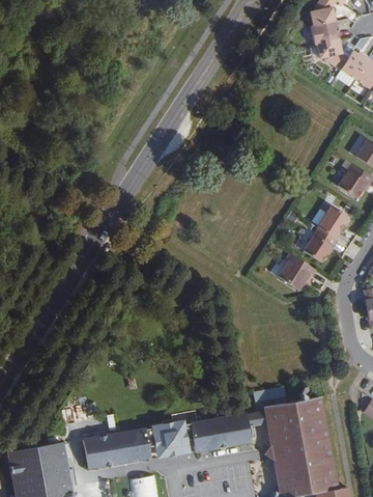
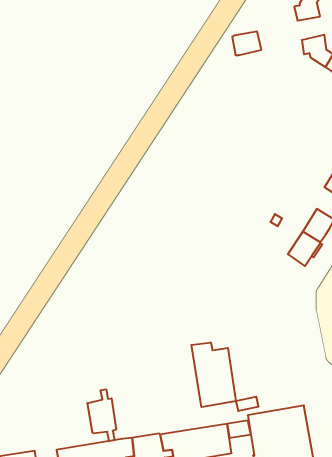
building: [312,23,340,46] -> [232,31,261,55]
building: [280,254,317,292] -> none
building: none -> [191,342,236,407]
building: none -> [87,389,116,441]

